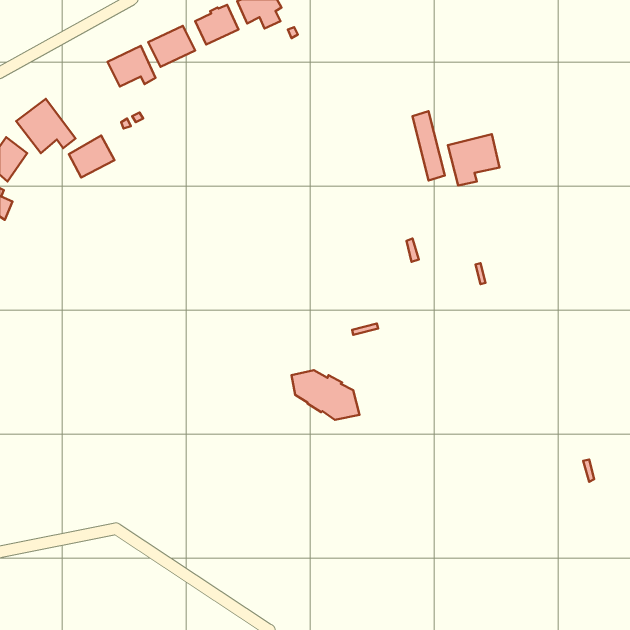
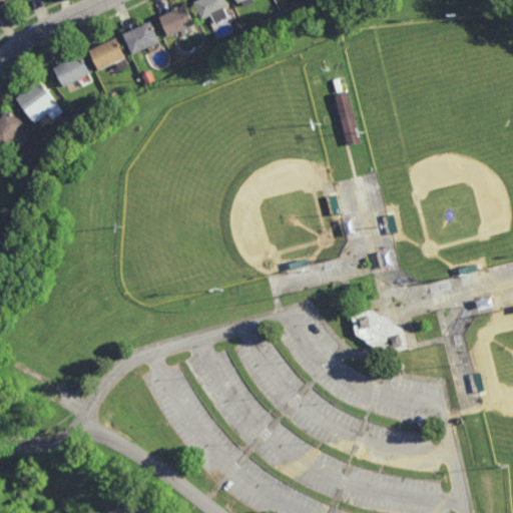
building: [448,134,499,186] -> none
building: [69,136,115,178] -> [52,53,89,87]
building: [292,370,359,420] -> [352,311,407,351]

